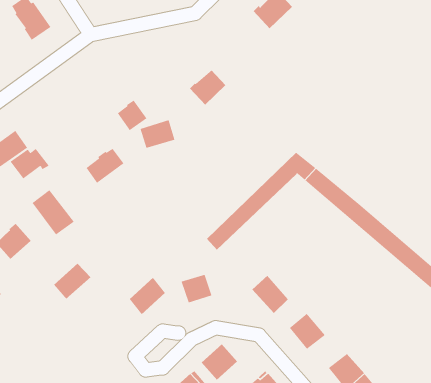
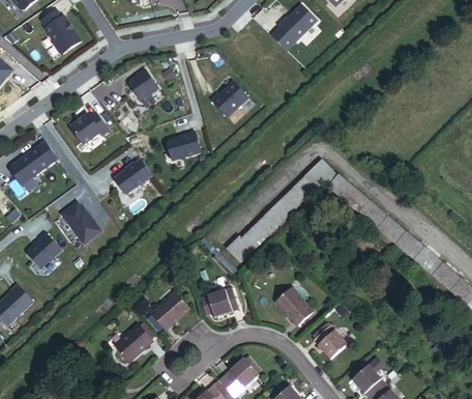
building: [117,99,148,131] -> [126,68,156,99]
building: [9,148,50,180] -> [69,113,109,144]
building: [53,263,91,300] -> [120,319,157,355]

